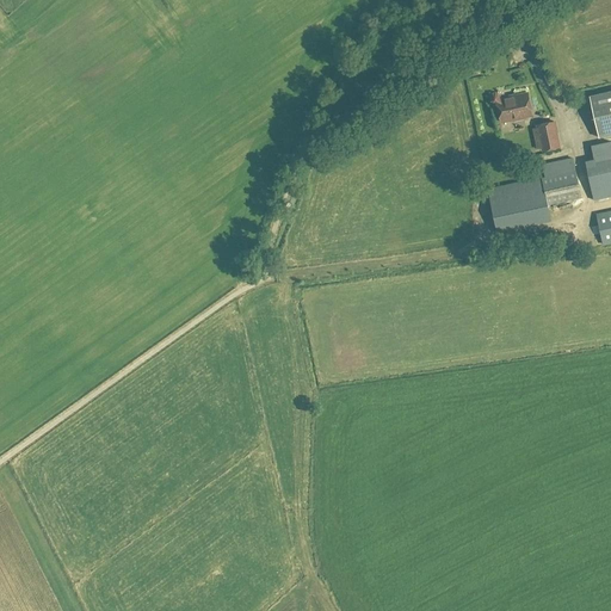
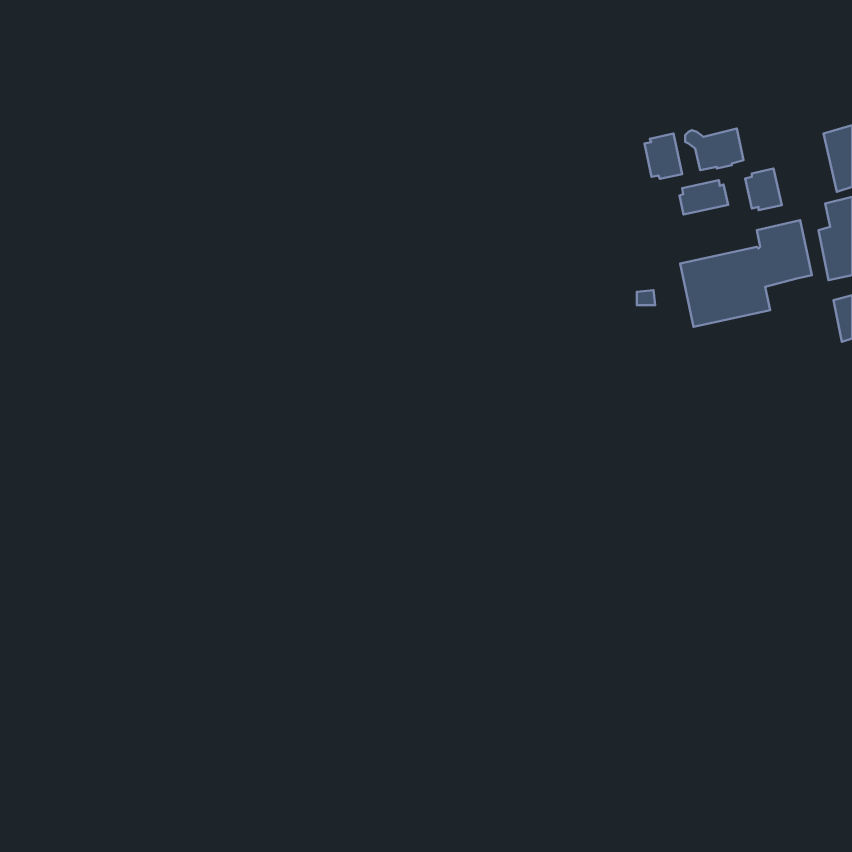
building: none -> [644,133,682,179]
building: none -> [680,180,728,215]

